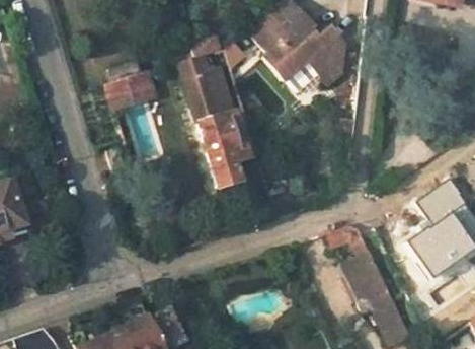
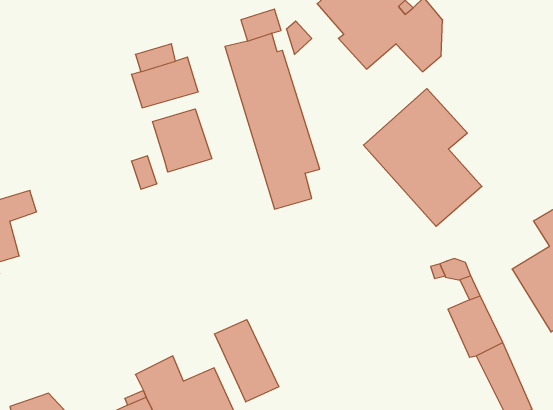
building: none -> [363,89,482,226]
building: none -> [153,109,212,172]
building: none -> [215,320,279,402]

